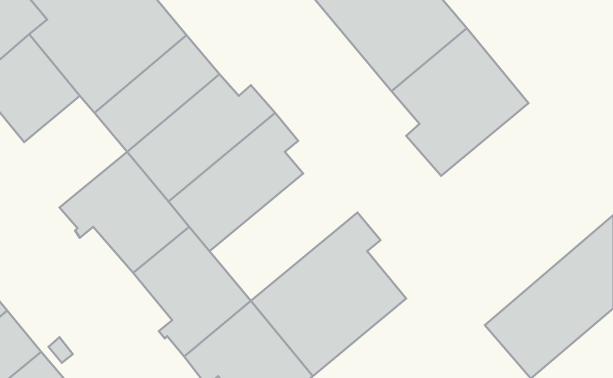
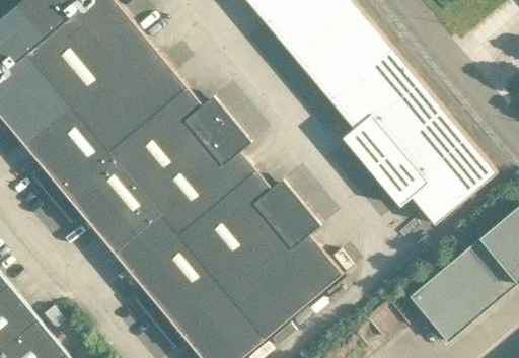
building: none -> [23,104,109,198]
building: none -> [372,111,497,225]
building: none -> [178,169,302,276]

